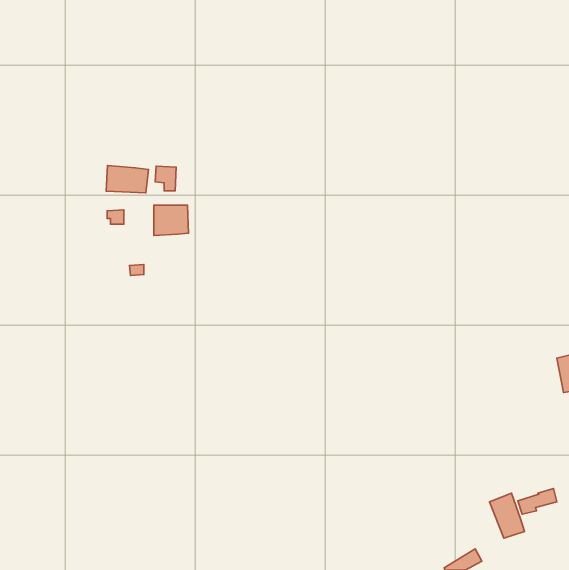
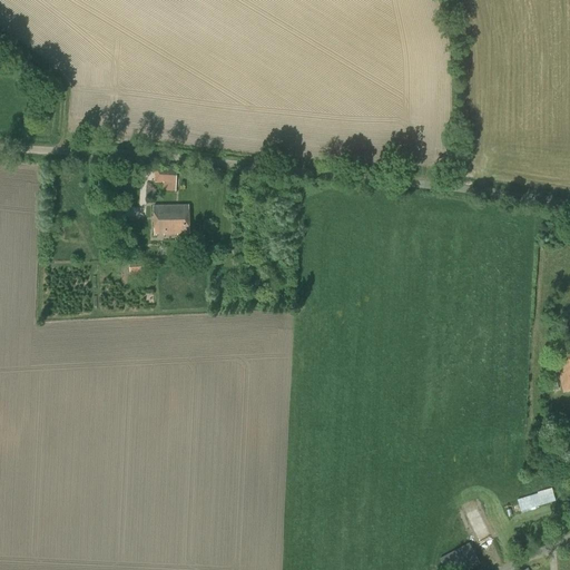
building: [106,166,148,193] -> none
building: [490,493,524,538] -> none

